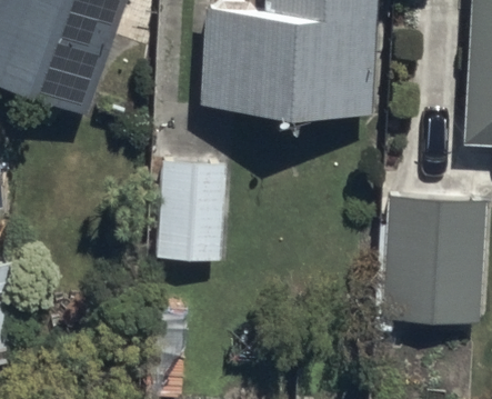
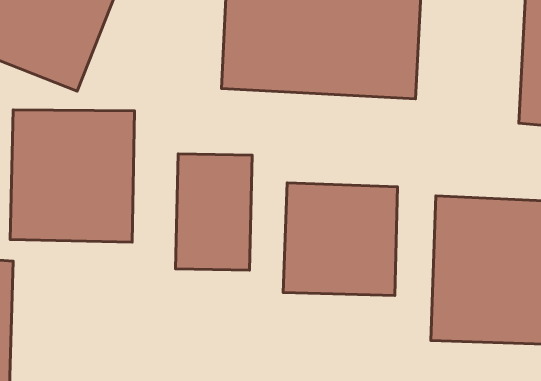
building: none -> [10,110,134,242]
building: none -> [283,183,397,296]

